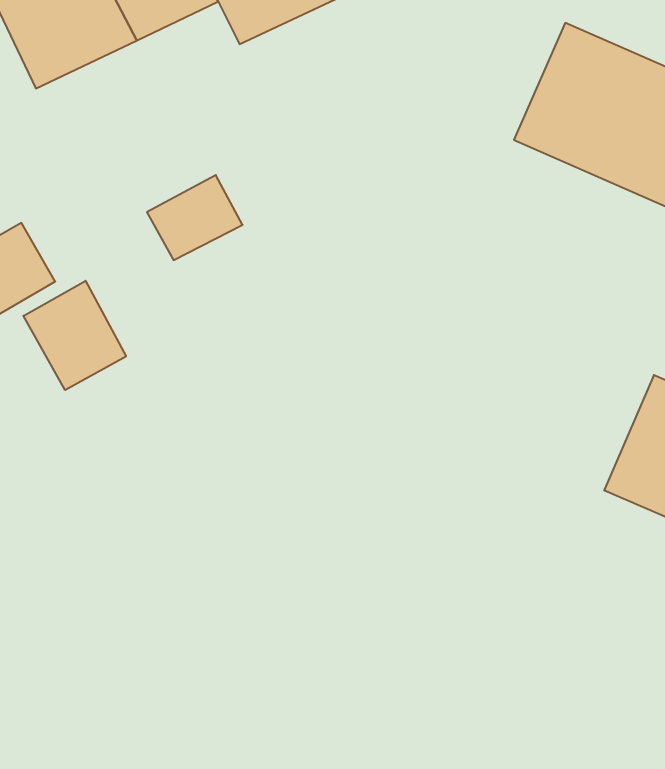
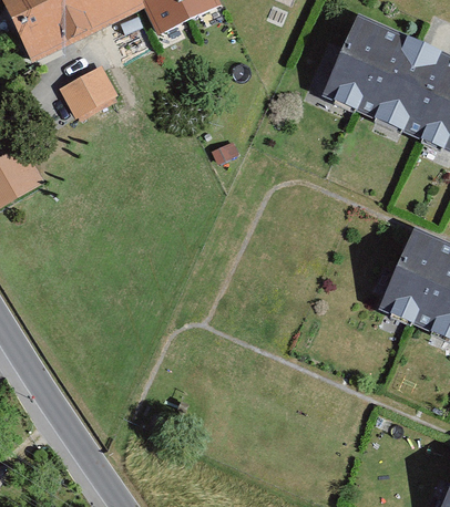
building: [147,175,243,260] -> [58,64,117,117]
building: [23,281,126,390] -> none

